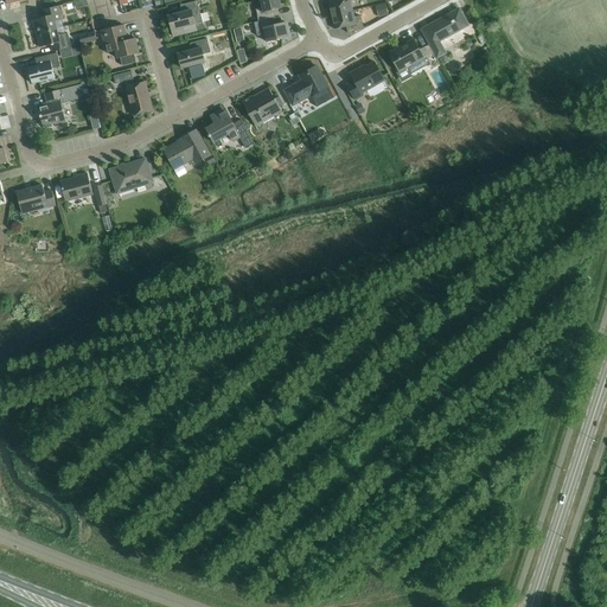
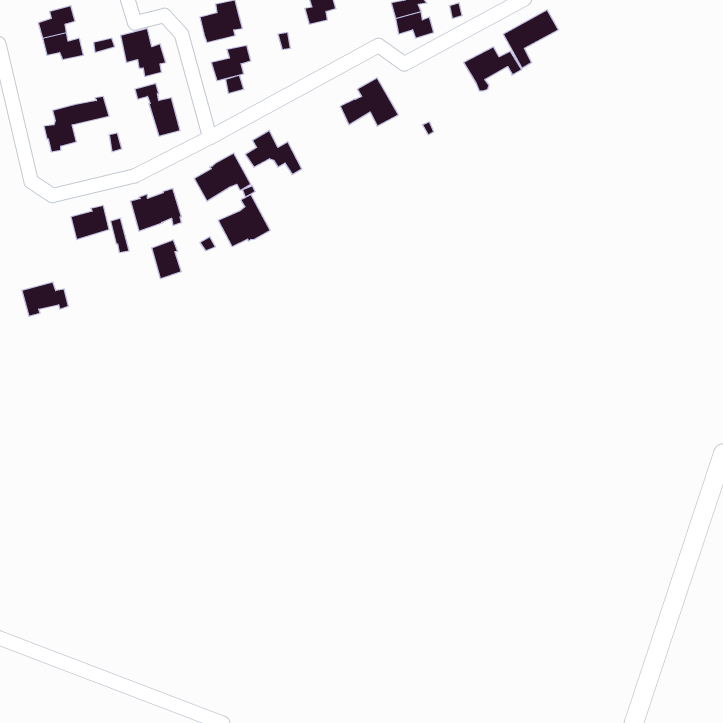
building: [253,18,288,41] -> none
building: [27,52,59,83] -> none
building: [346,60,384,98] -> none
building: [241,88,282,123] -> none
building: none -> [218,195,270,247]
building: [15,184,55,212] -> [22,282,68,316]
building: none -> [152,240,181,279]

